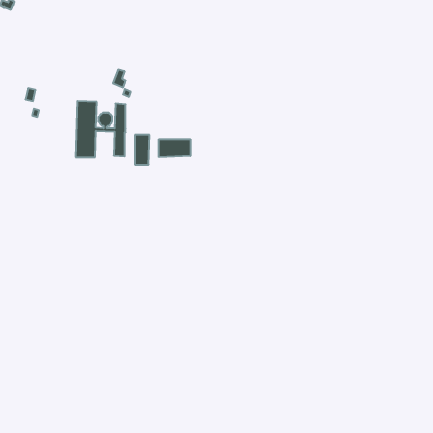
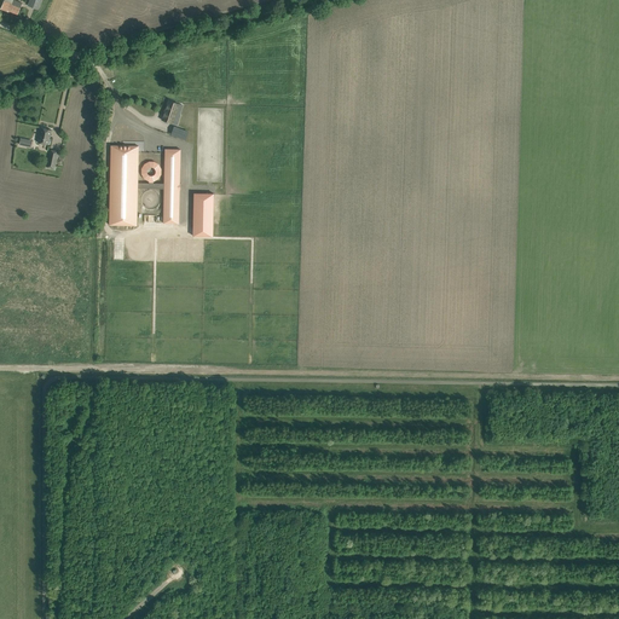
building: [159,139,190,157] -> none

